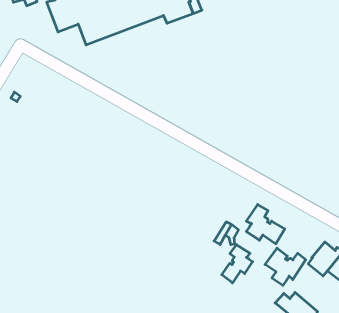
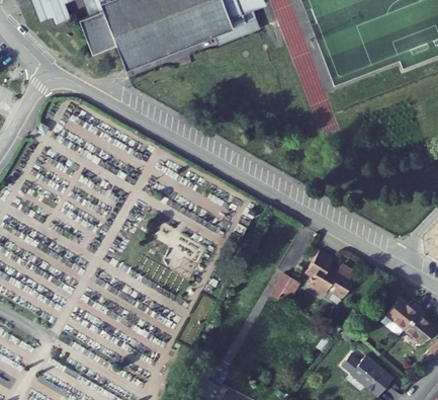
building: [222,245,253,283] -> none
building: [265,248,306,285] -> none

